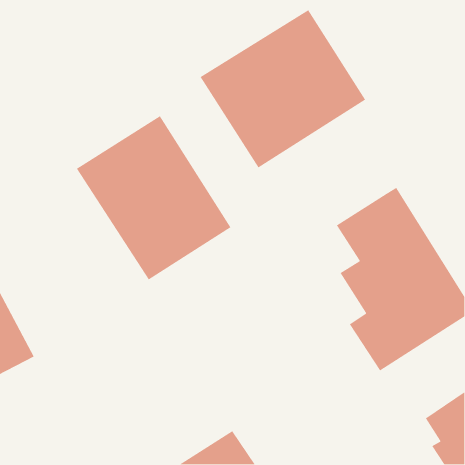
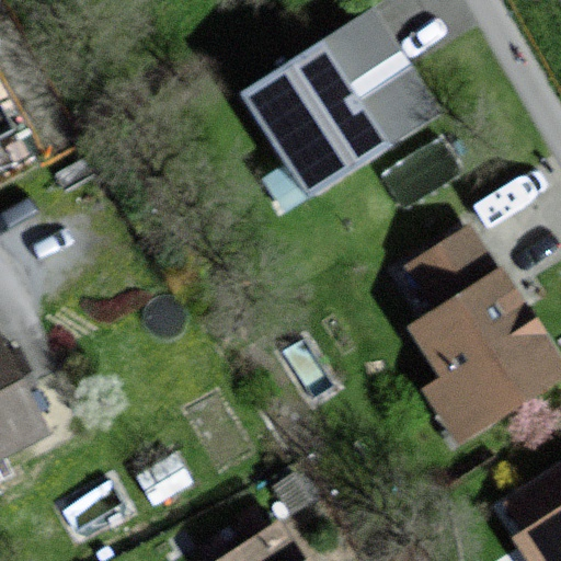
building: [76,115,232,280] -> none

